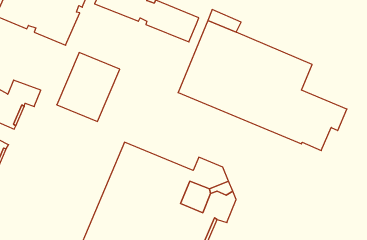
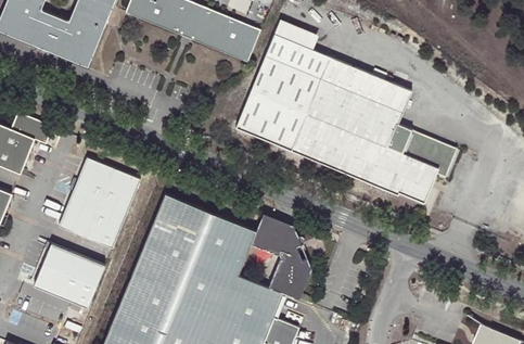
building: [57,53,120,121] -> [59,161,141,251]
building: none -> [34,246,105,310]

